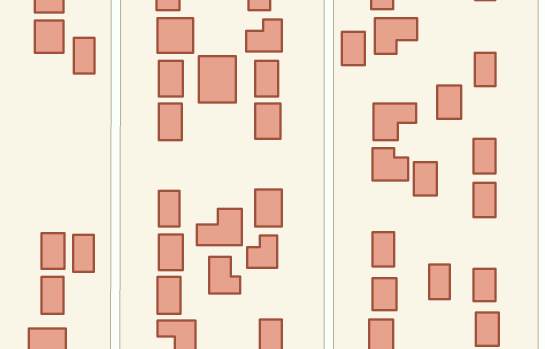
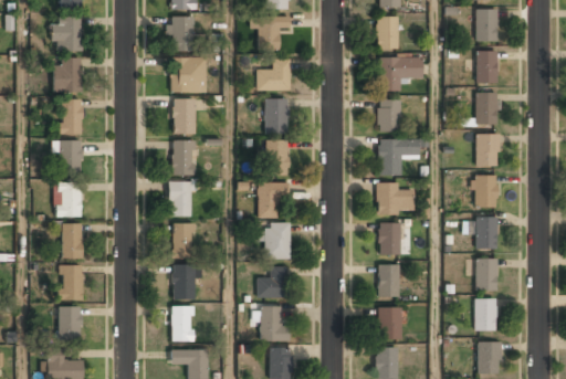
building: none -> [478,51,497,82]
building: [342,32,365,65] -> [378,101,400,133]
building: [74,38,94,73] -> [62,99,82,134]
building: [199,56,236,102] -> none
building: [437,86,461,119] -> [476,134,500,166]
building: none -> [60,140,81,175]
building: none -> [56,182,81,217]
building: none -> [169,182,191,217]
building: none -> [259,182,290,218]
building: [414,162,437,196] -> [378,222,400,254]
building: [197,209,242,245] -> none
building: [73,235,94,272] -> [62,223,82,259]
building: [209,257,240,294] -> [260,307,290,343]
building: [429,265,450,299] -> [476,259,496,292]

